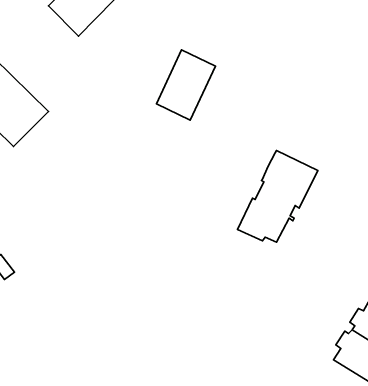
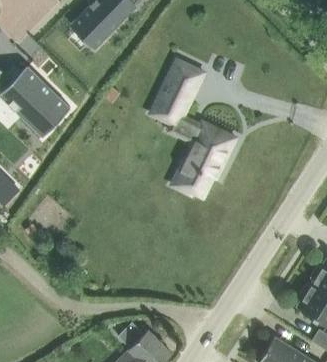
building: [238,150,318,242] -> [171,122,235,195]

